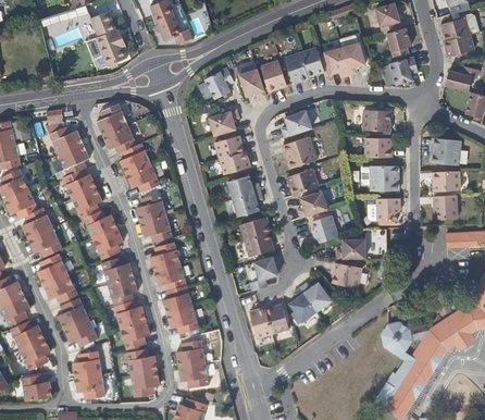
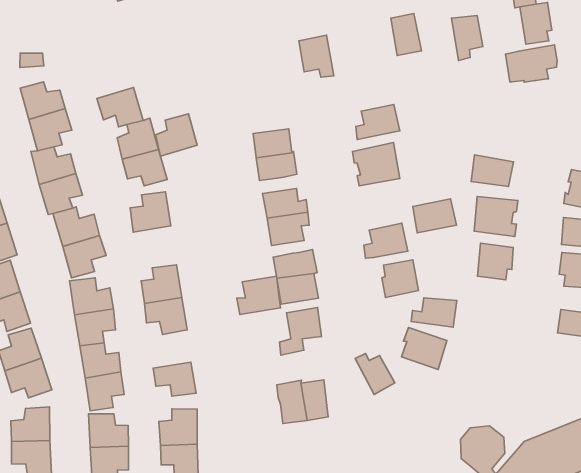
building: [321,47,347,77] -> none
building: [282,52,306,85] -> none
building: [257,61,283,92] -> none
building: [202,70,231,99] -> none
building: [98,102,127,134] -> [155,114,197,156]
building: [206,110,238,137] -> none
building: [364,110,393,132] -> none
building: [288,170,320,196] -> [413,199,456,233]
building: [140,214,171,238] -> none
building: none -> [237,276,280,314]
building: [162,284,191,313] -> none
building: [291,288,320,322] -> none

